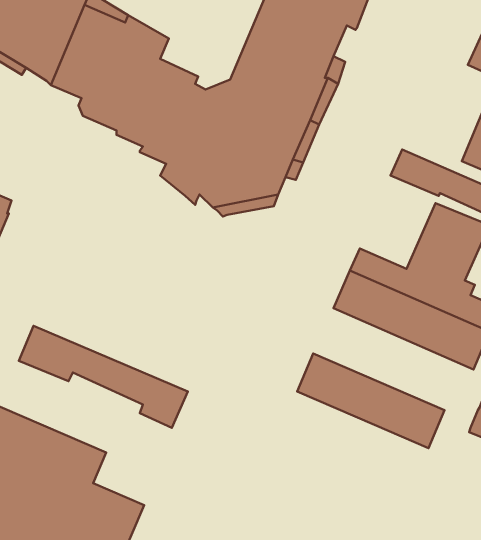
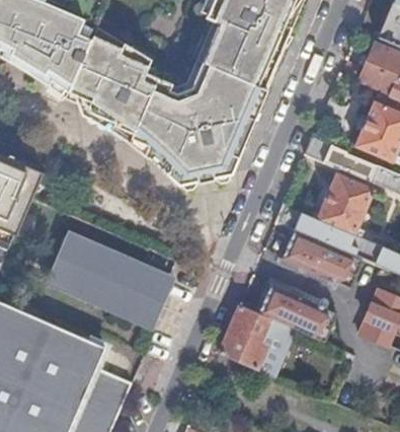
building: none -> [55,231,169,304]
building: none -> [218,304,292,374]

